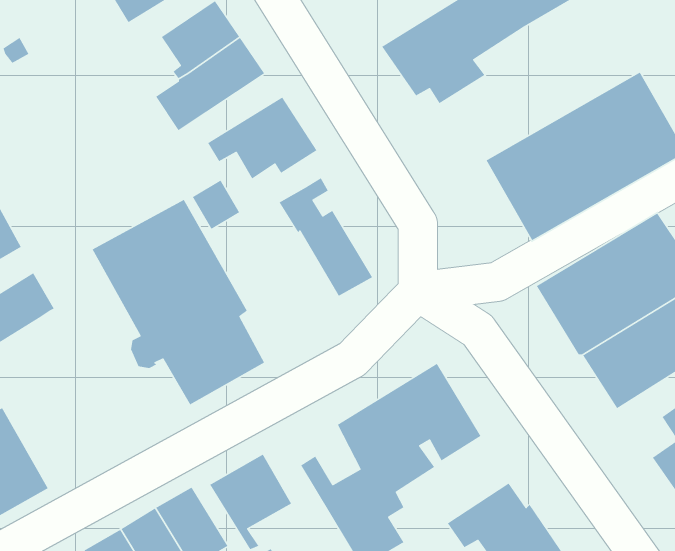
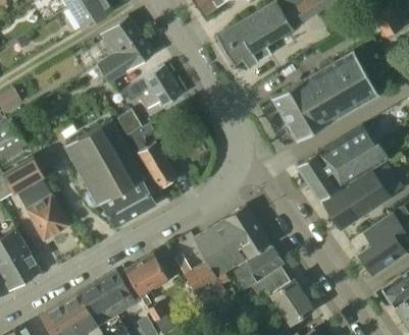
building: [279,177,373,297] -> [127,124,177,187]
building: none -> [20,178,68,239]
building: none -> [237,246,284,288]

